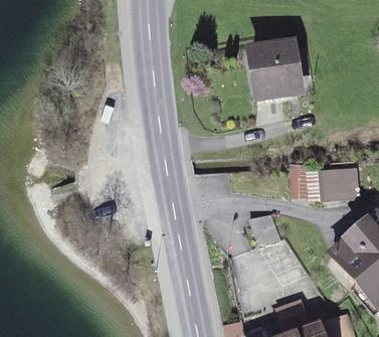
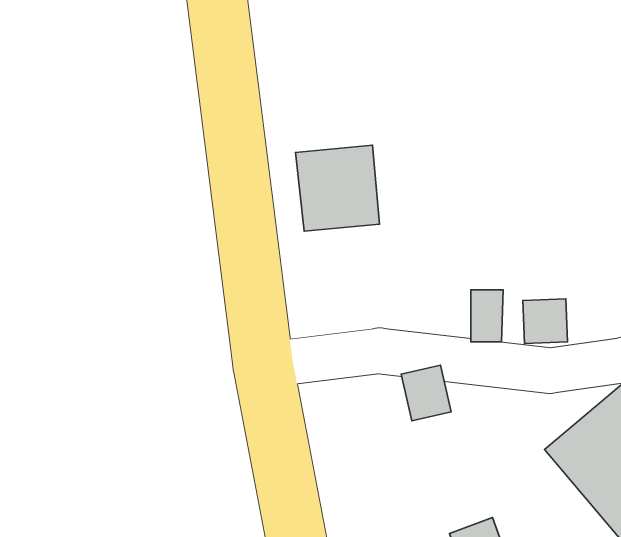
building: [250,46,298,95] -> [295,145,380,231]

